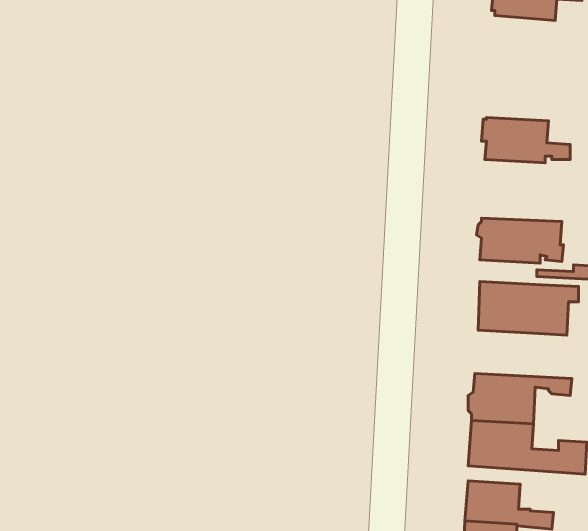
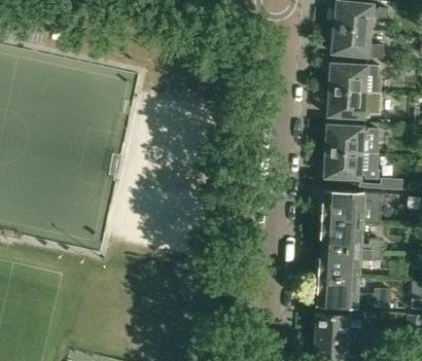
building: none -> [330,27,385,57]
building: none -> [327,63,382,93]
building: none -> [324,123,379,153]
building: none -> [320,220,382,250]

